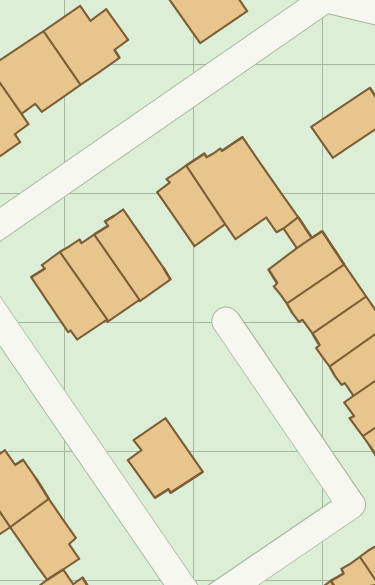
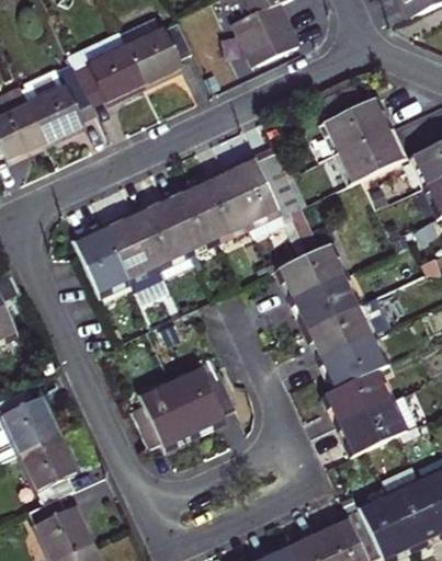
building: none -> [322,98,392,153]
building: none -> [162,187,218,253]
building: none -> [169,358,236,434]

